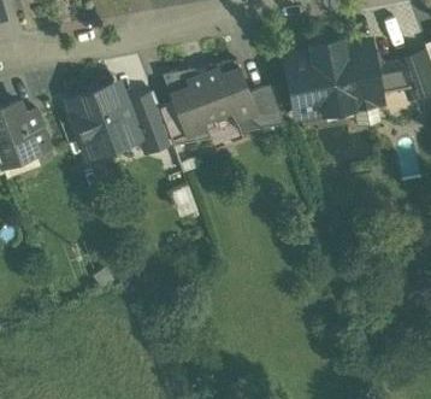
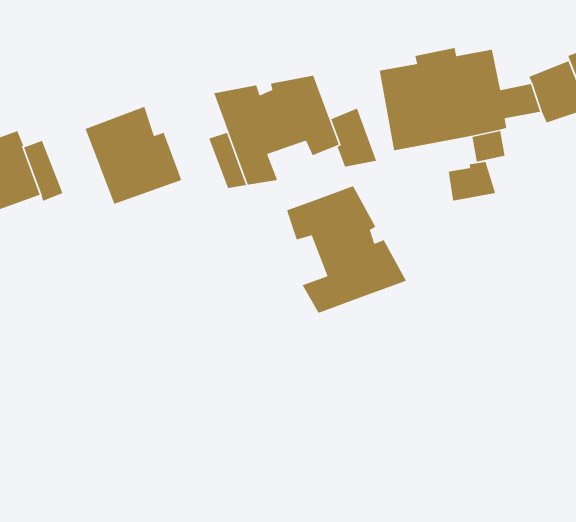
building: [125,93,171,148] -> none
building: none -> [448,161,496,202]
building: none -> [286,185,407,314]

